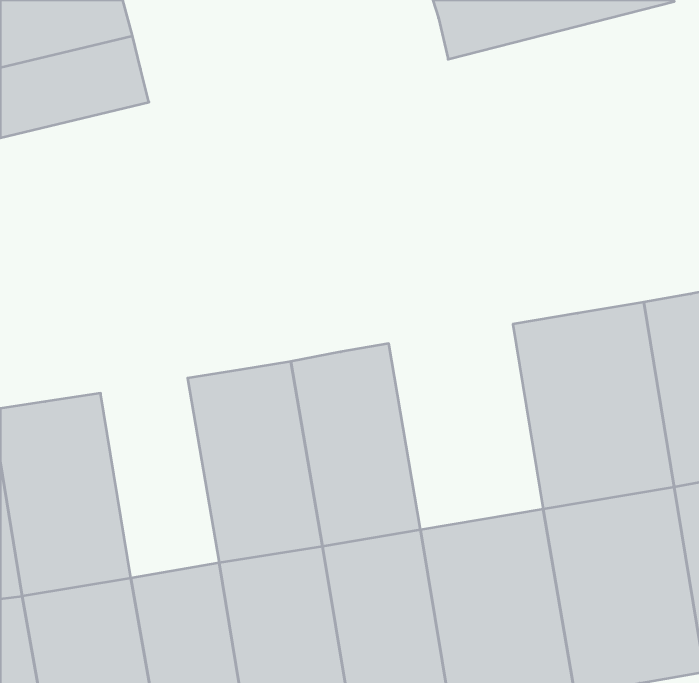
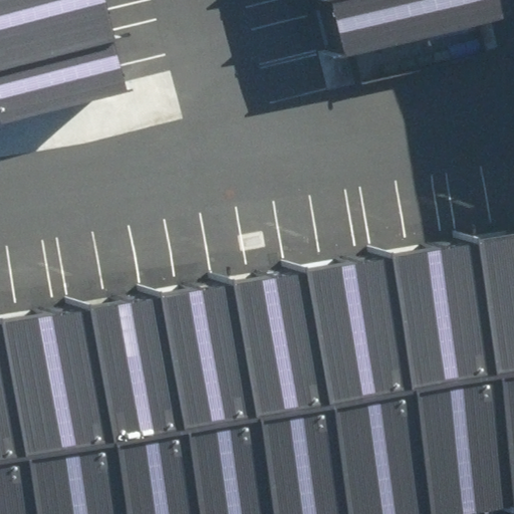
building: none -> [287,252,400,402]
building: none -> [77,291,164,437]

